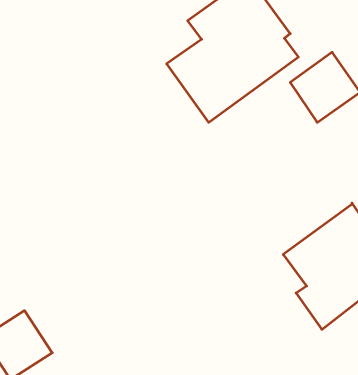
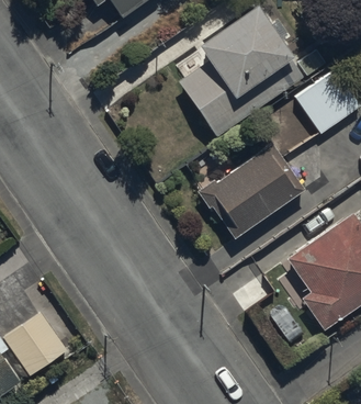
building: none -> [195,144,301,238]

